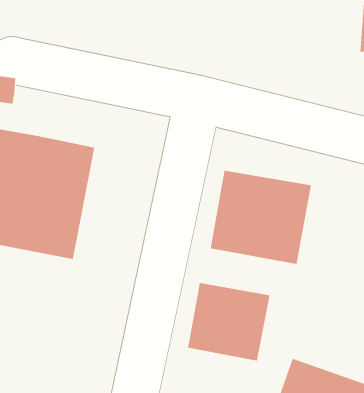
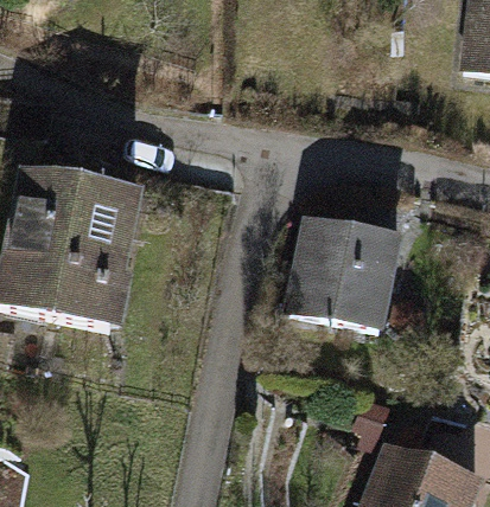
building: [187,282,271,361] -> none

